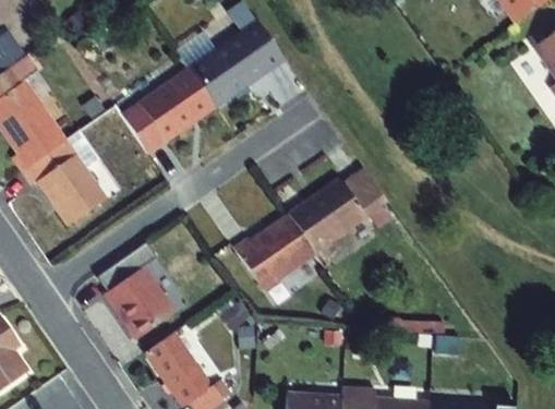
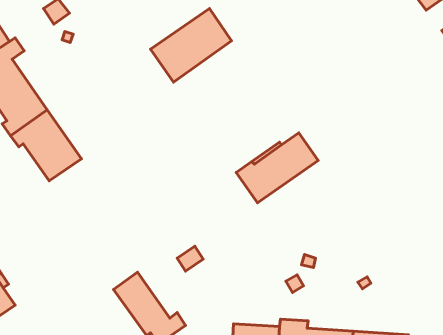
building: [121,69,216,154] -> none
building: [234,214,317,290] -> none
building: [96,242,176,340] -> none

